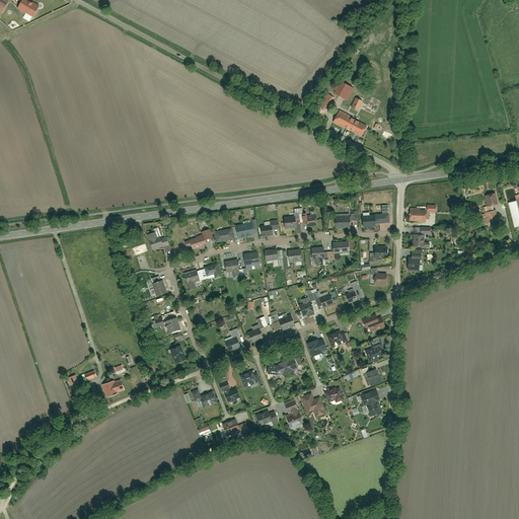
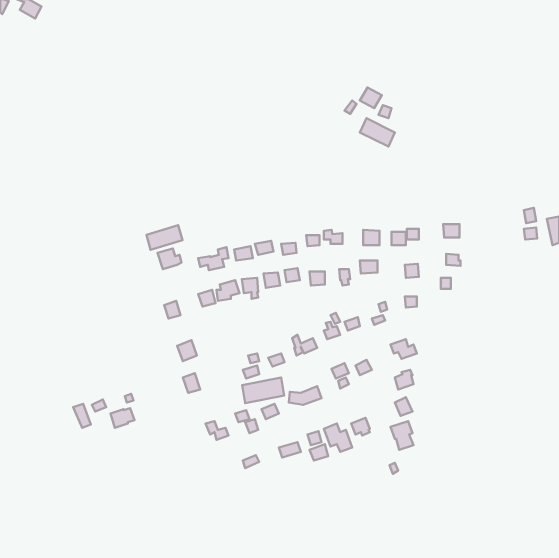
building: none -> [146,225,182,250]
building: none -> [242,377,284,403]

